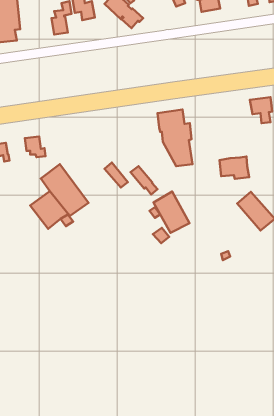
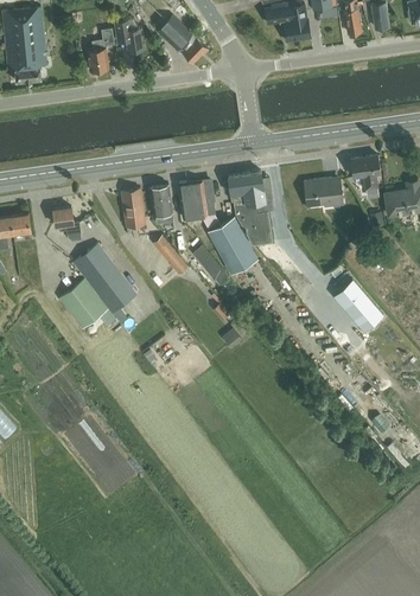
building: none -> [178,181,215,220]
building: none -> [149,186,172,224]
building: none -> [121,190,145,227]
building: [219,156,249,179] -> [304,178,343,207]
building: [153,192,189,233] -> [209,218,256,273]

